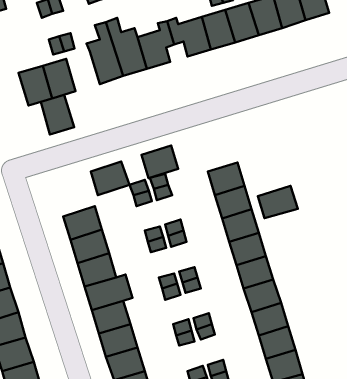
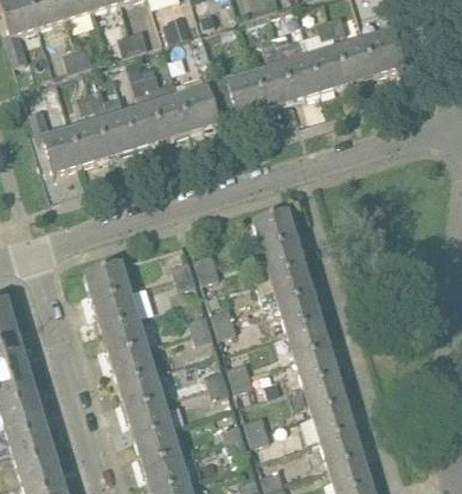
building: [41,95,74,134] -> [97,109,136,155]
building: [142,146,178,178] -> [254,211,296,249]
building: [91,161,129,195] -> [85,262,130,301]
building: [258,186,298,218] -> none

